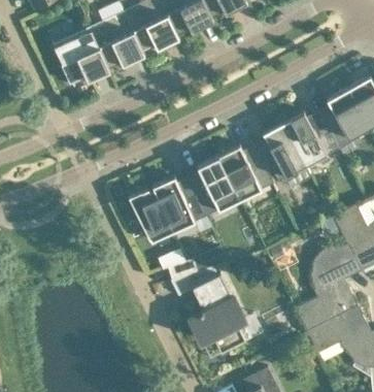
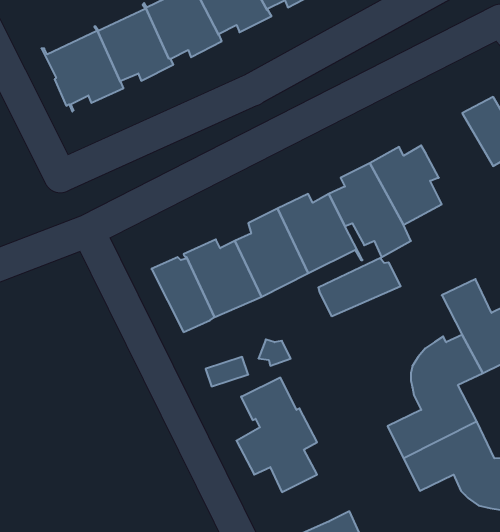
building: [321,89,369,156] -> none
building: none -> [318,257,401,316]

